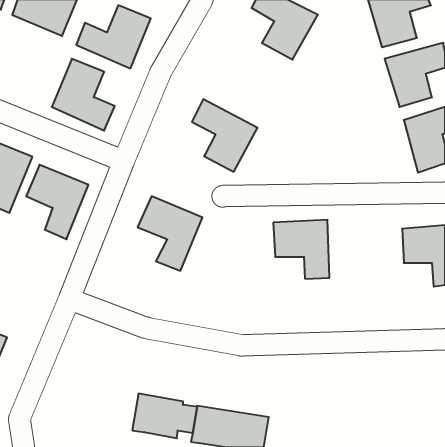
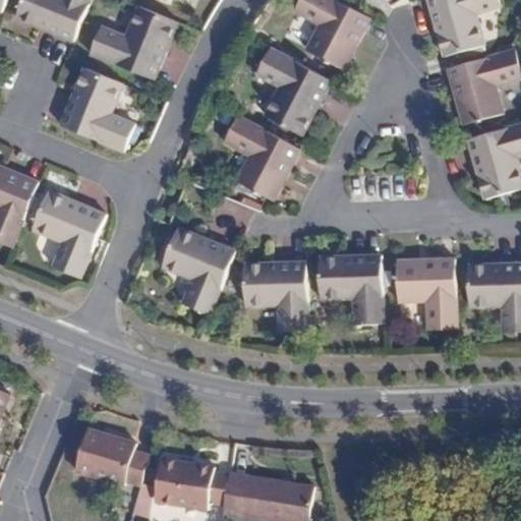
building: none -> [254,48,330,134]
building: none -> [397,257,457,329]
building: none -> [244,264,308,331]
building: none -> [73,427,150,484]

